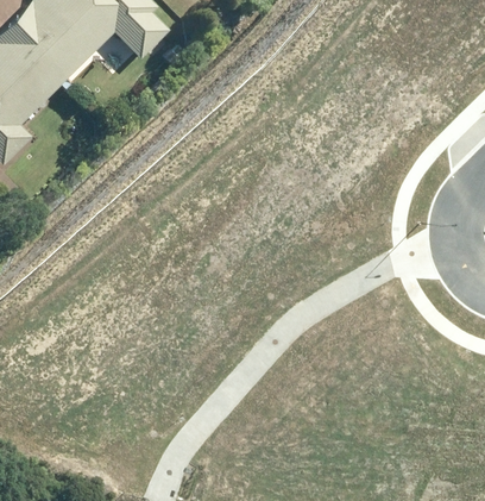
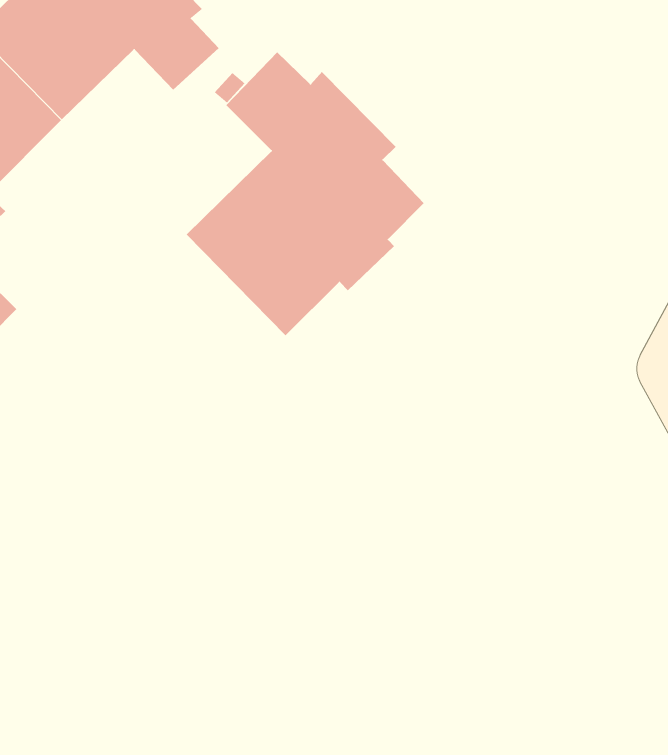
building: none -> [186,51,425,336]

